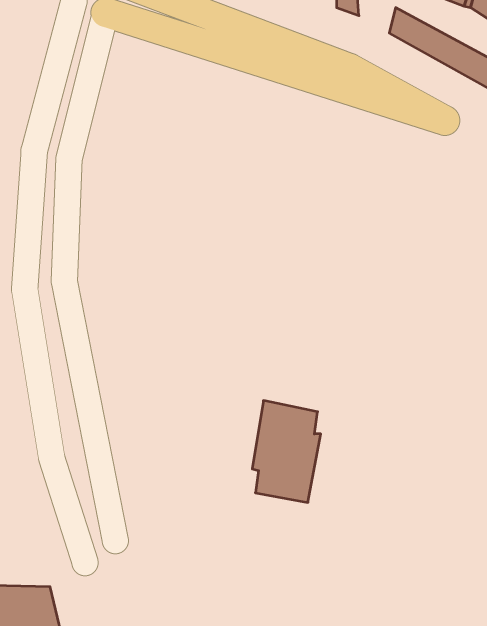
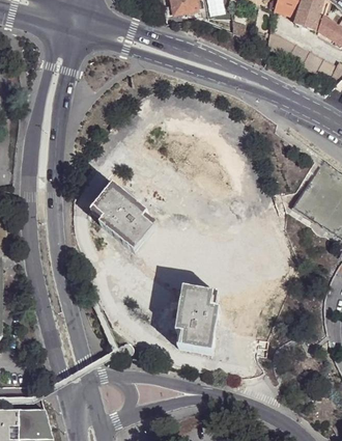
building: none -> [90,185,154,252]

